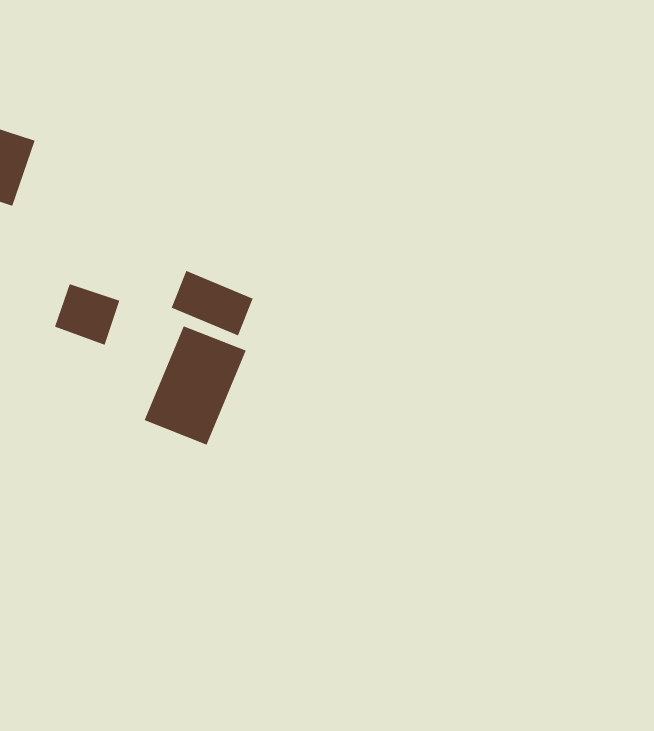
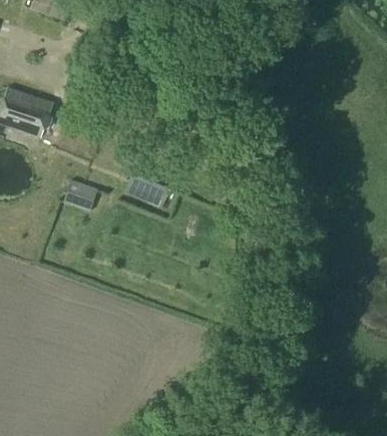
building: [144,325,247,445] -> none

